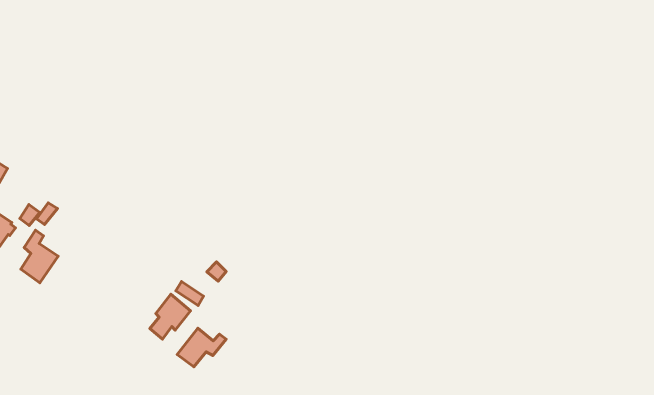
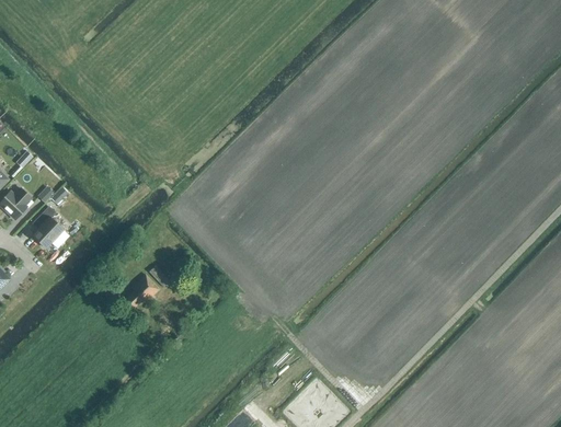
building: [177,328,226,367] -> none

